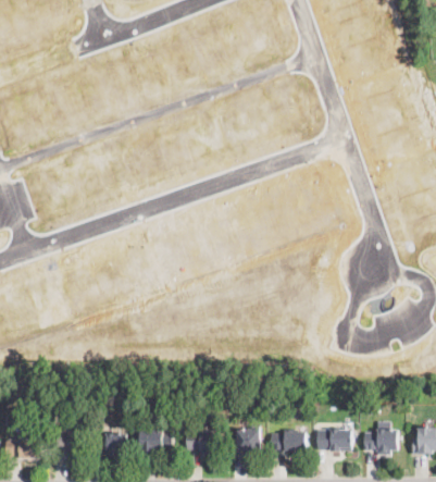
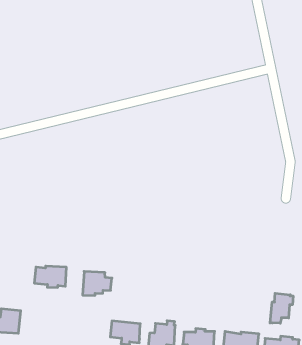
building: none -> [270,293,293,323]
building: [139,427,172,455] -> [83,271,112,295]
building: [91,432,127,457] -> [34,266,66,287]

